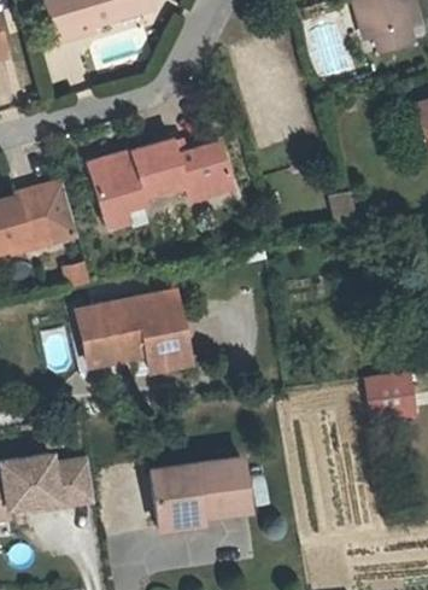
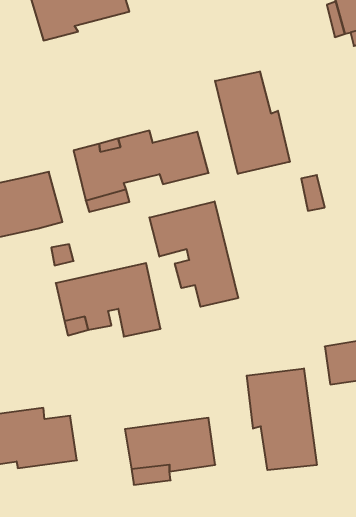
building: none -> [215,71,290,174]
building: none -> [149,201,238,307]
building: none -> [247,368,317,470]

